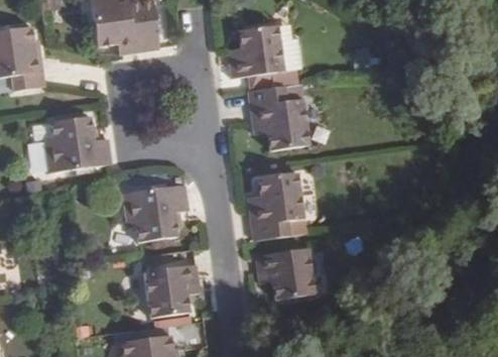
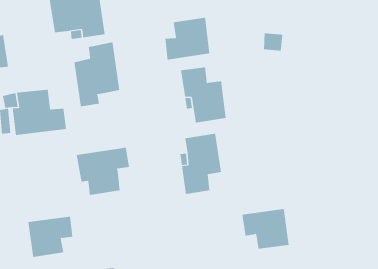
building: none -> [74,41,120,107]
building: [258,249,317,299] -> [241,209,289,249]
building: [144,266,200,317] -> [28,216,73,257]

